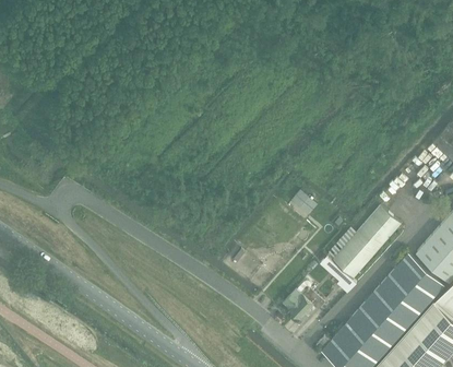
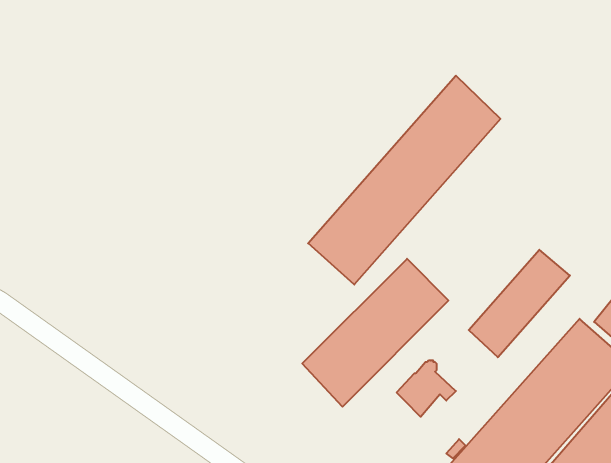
building: none -> [308,76,500,285]
building: none -> [302,259,448,407]

